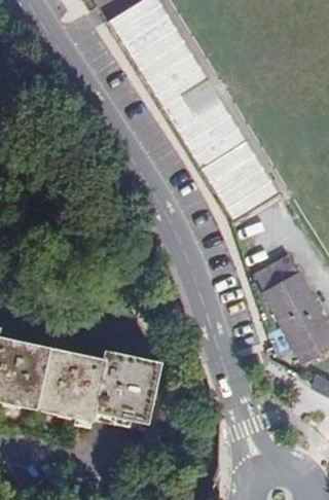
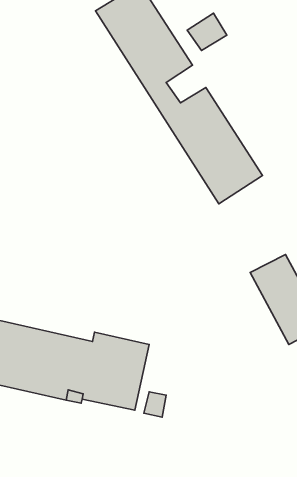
building: [179,78,219,116] -> [187,13,227,50]
building: [255,252,300,289] -> none

